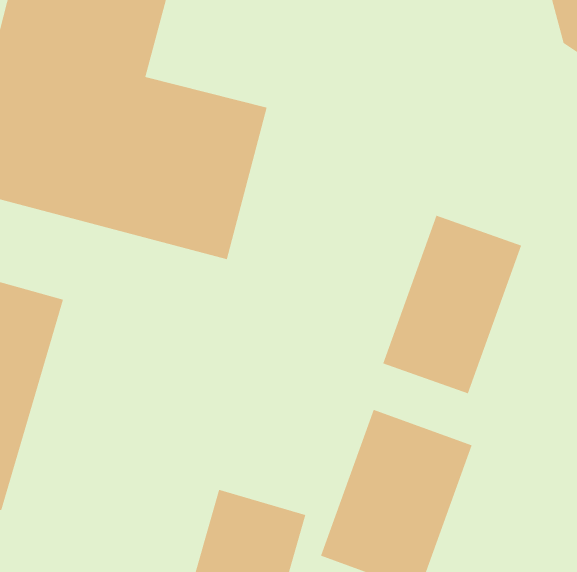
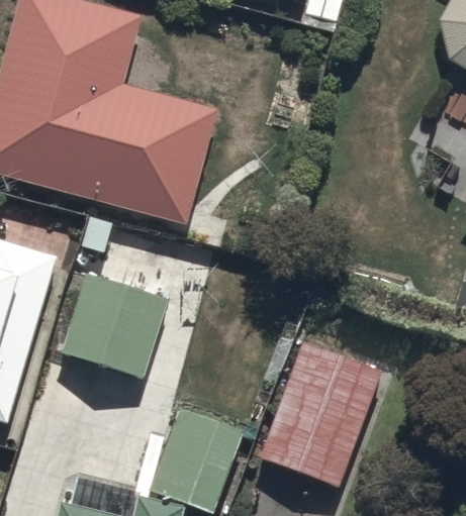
building: [383,215,522,394] -> none
building: none -> [62,272,168,378]

